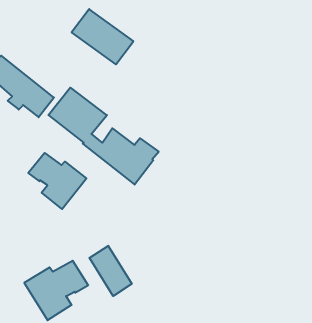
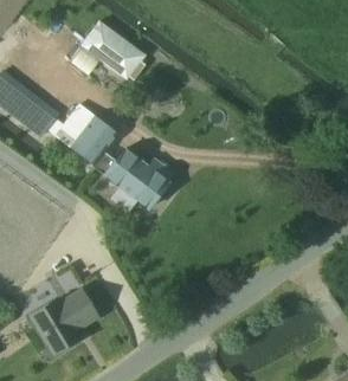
building: [28,153,86,209] -> none
building: [89,246,132,296] -> none

